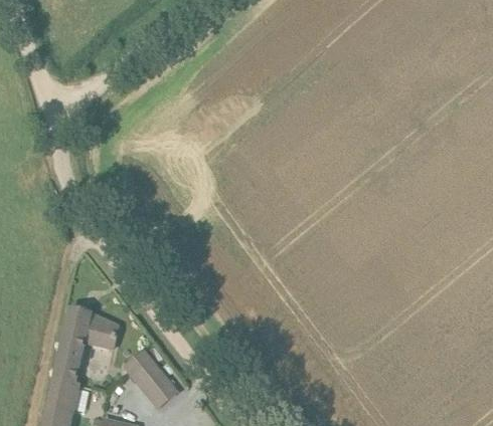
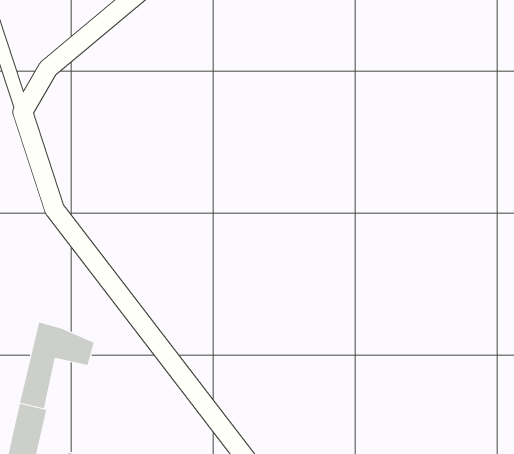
building: [123,349,178,408] -> none

